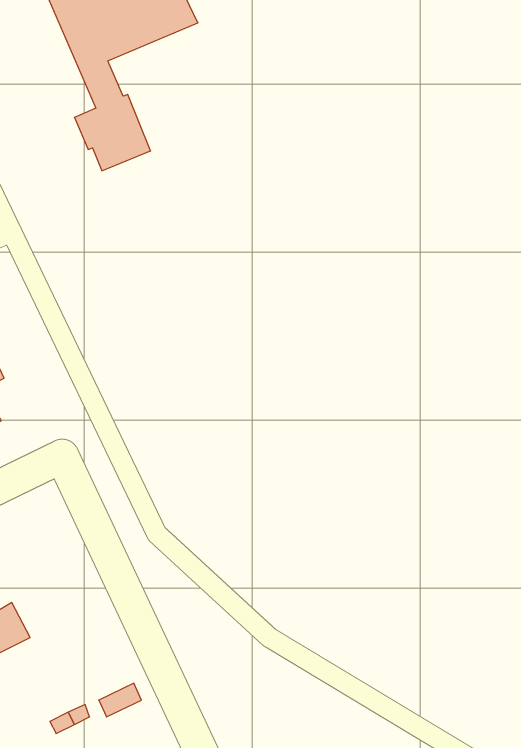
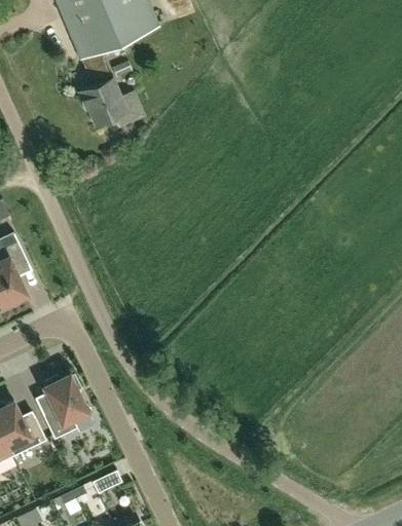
building: none -> [41,374,95,439]

